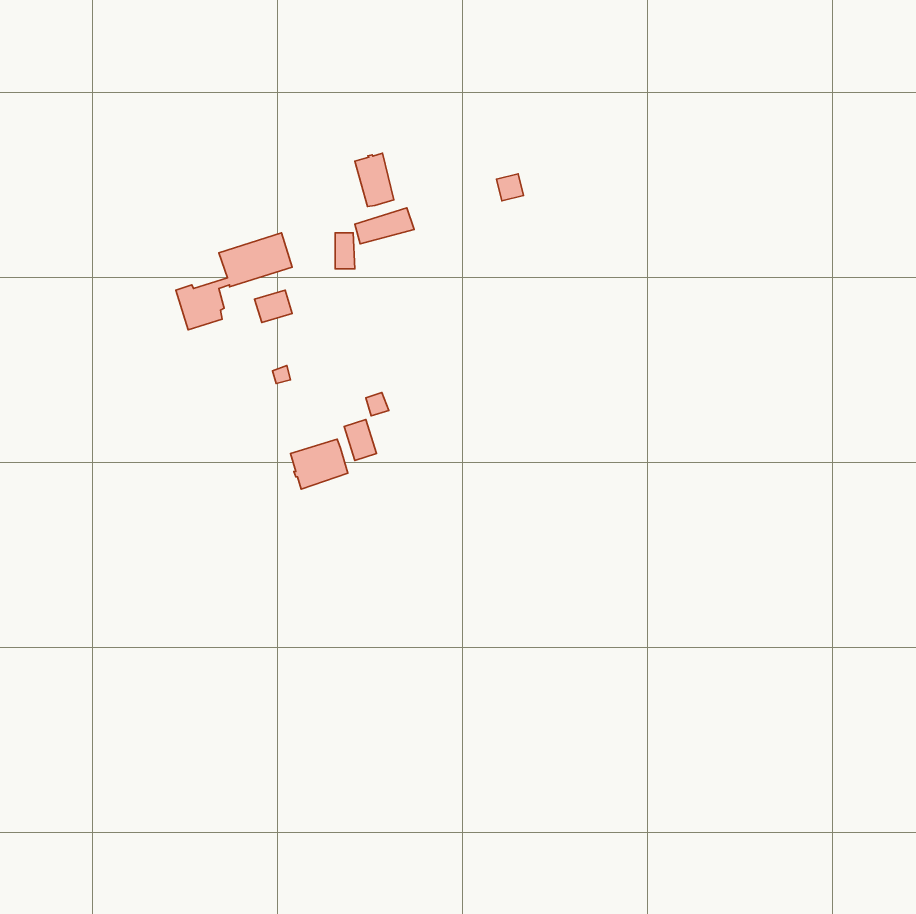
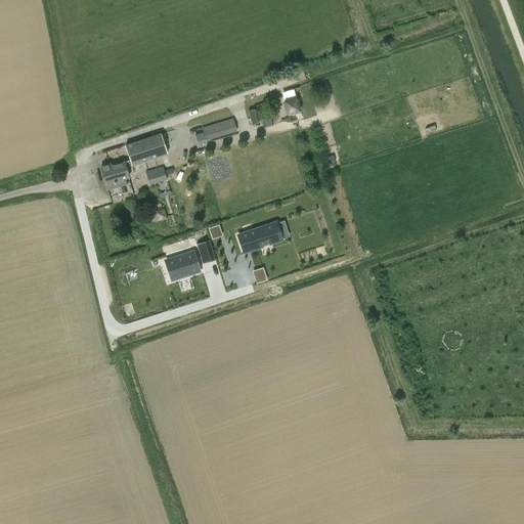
building: [355,153,394,207] -> none
building: none -> [237,220,290,251]

